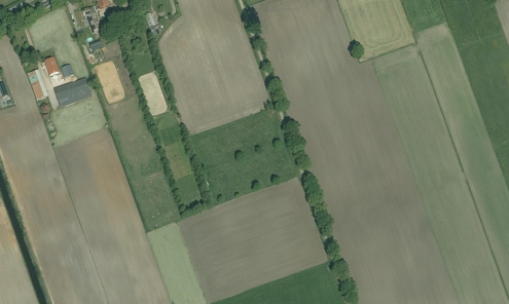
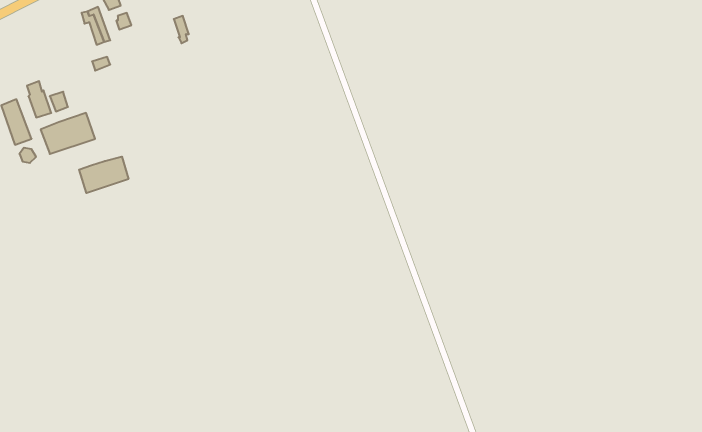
building: none -> [79,157,128,193]

